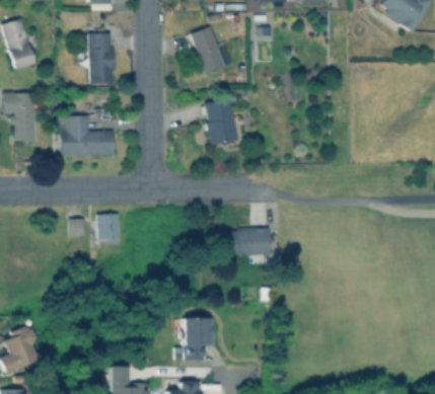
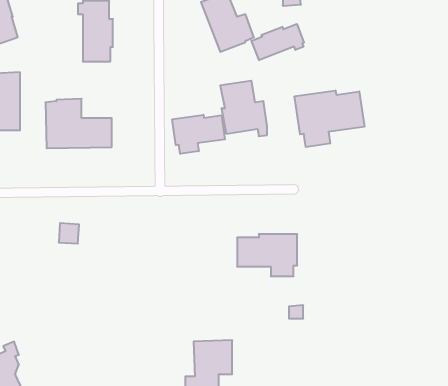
building: none -> [251,24,304,60]
building: none -> [295,90,364,147]
building: none -> [172,115,225,154]
building: [95,214,120,239] -> none

